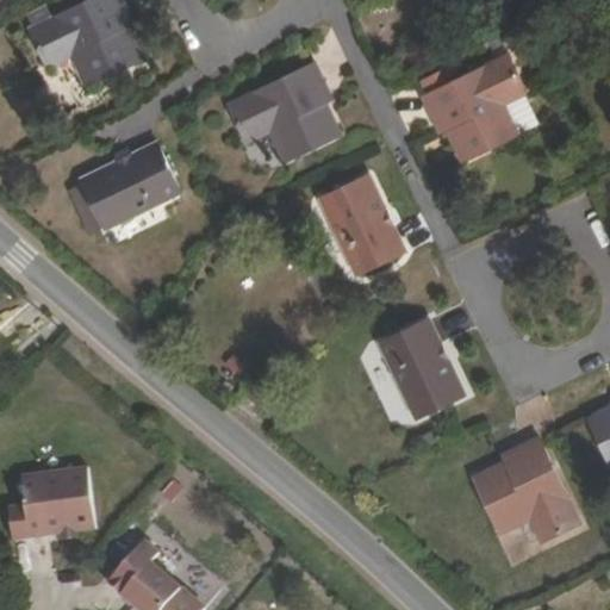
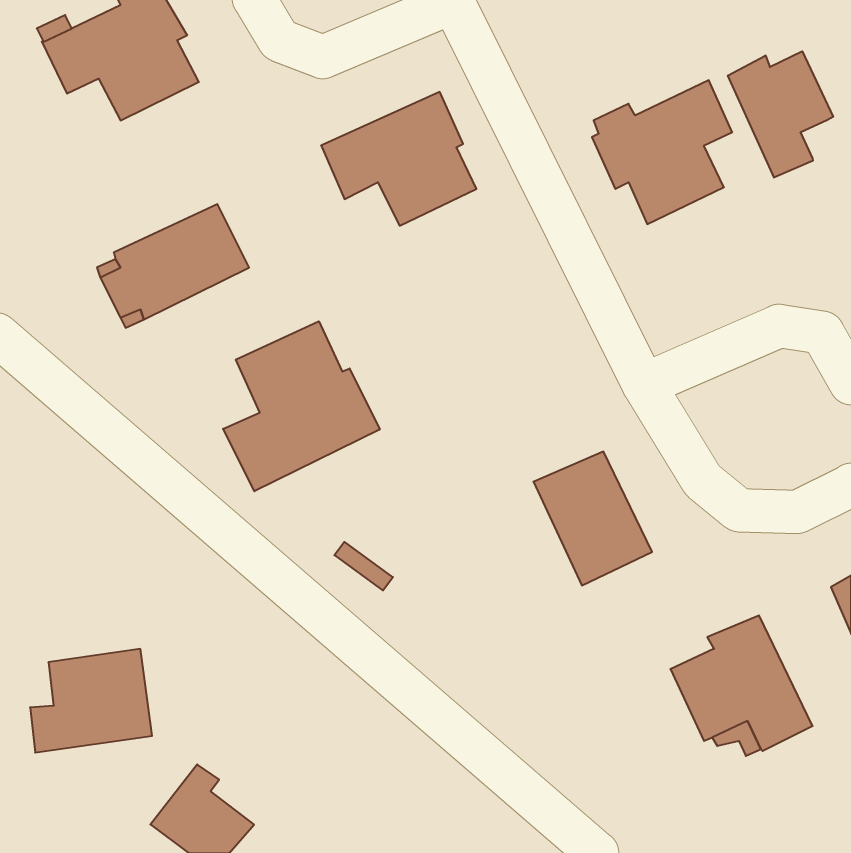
building: none -> [728,51,833,178]
building: [317,175,403,273] -> none
building: none -> [223,321,380,491]

